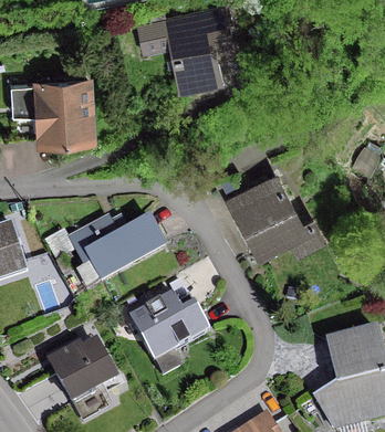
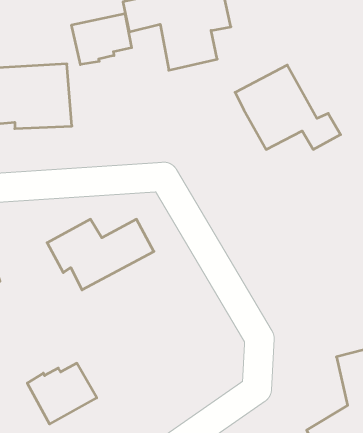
building: none -> [72,13,132,65]
building: [229,177,323,252] -> [235,65,341,149]
building: [131,296,208,358] -> none

